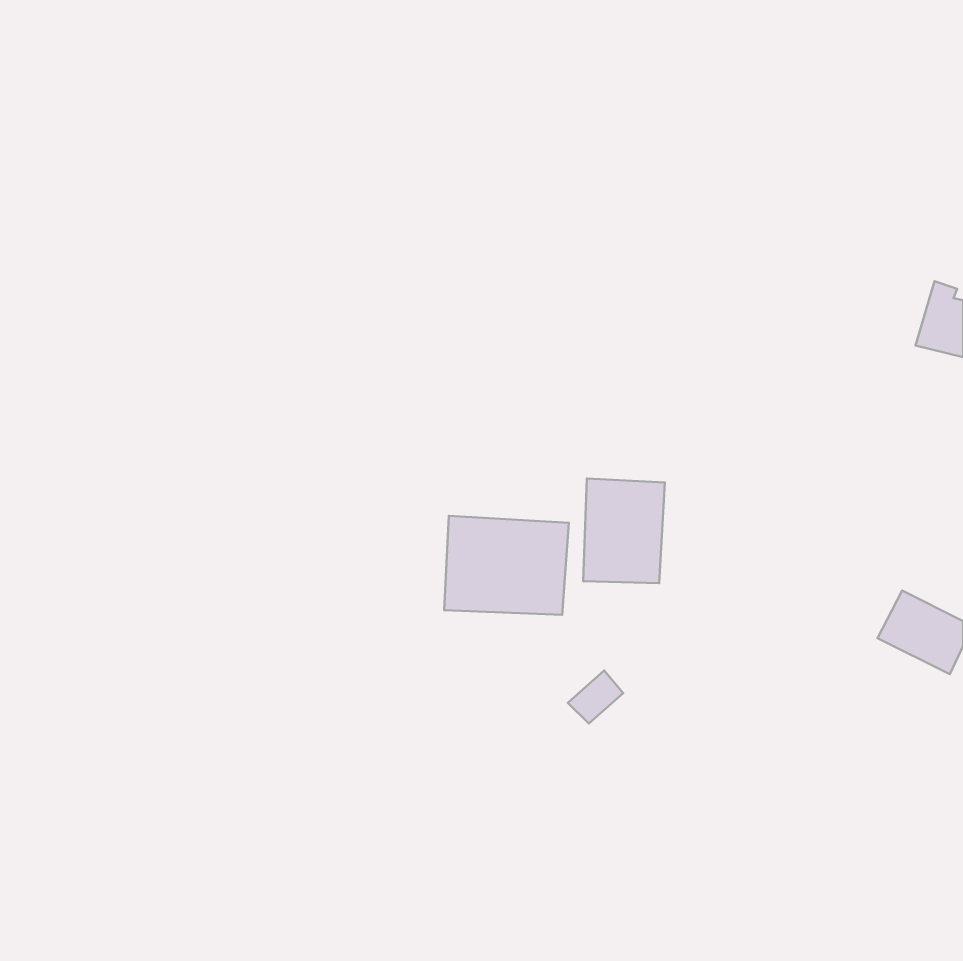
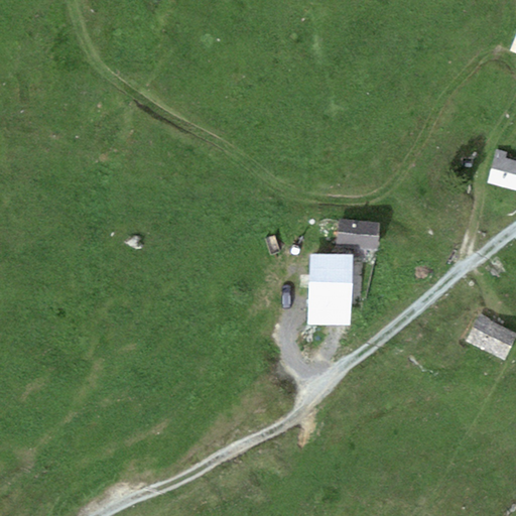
building: none -> [338,219,380,246]
building: [444,516,569,615] -> none

